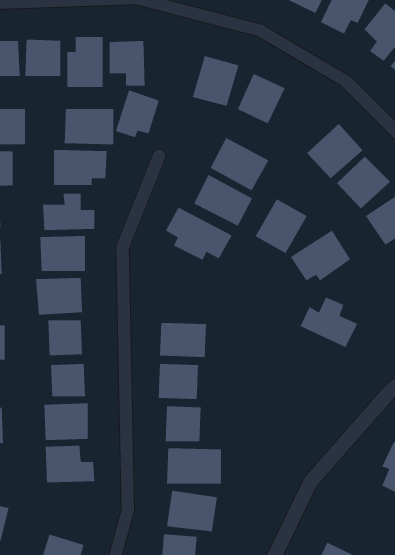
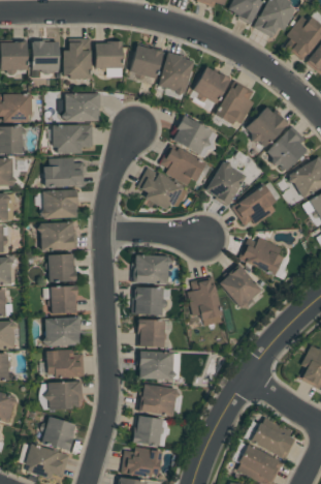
building: [115,89,160,138] -> [129,44,163,82]
building: none -> [218,82,254,127]
building: none -> [219,266,261,309]
building: none -> [189,278,222,326]
building: none -> [47,382,81,411]

